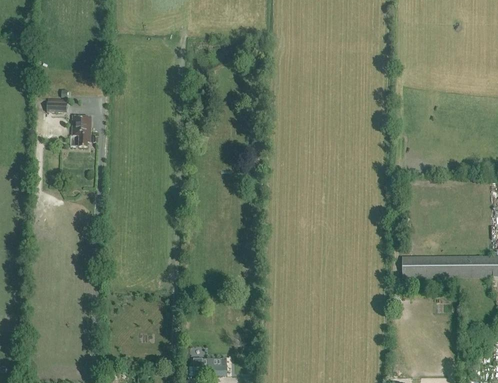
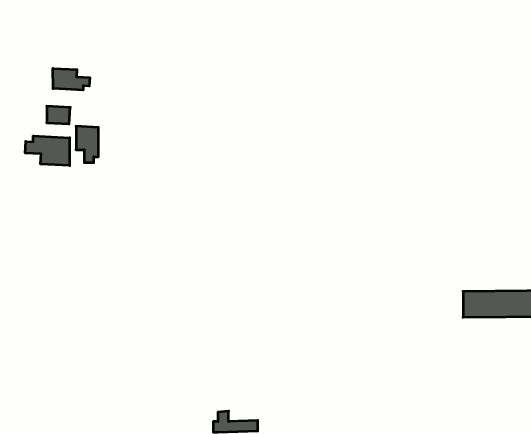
building: none -> [53,68,90,90]
building: none -> [25,136,70,166]

